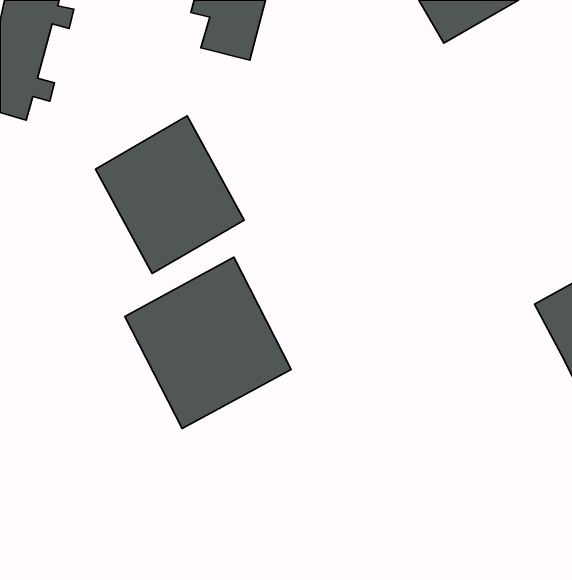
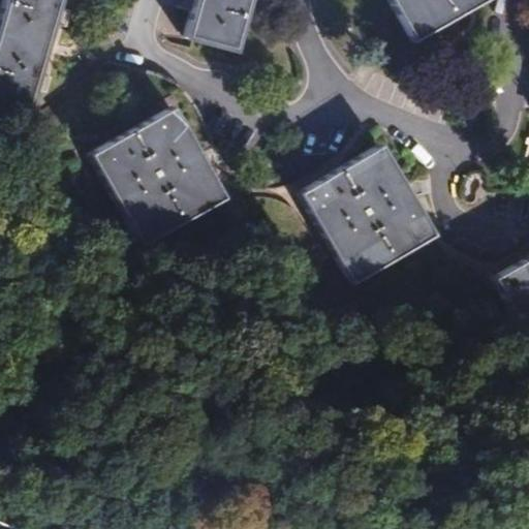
building: none -> [302,143,438,285]
building: [125,257,291,429] -> none

